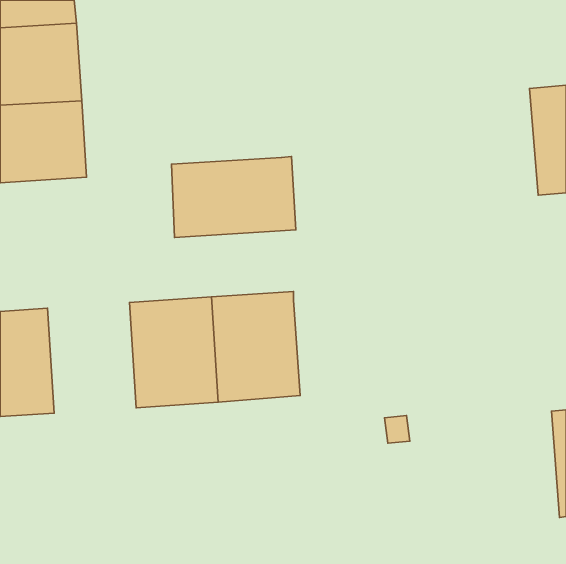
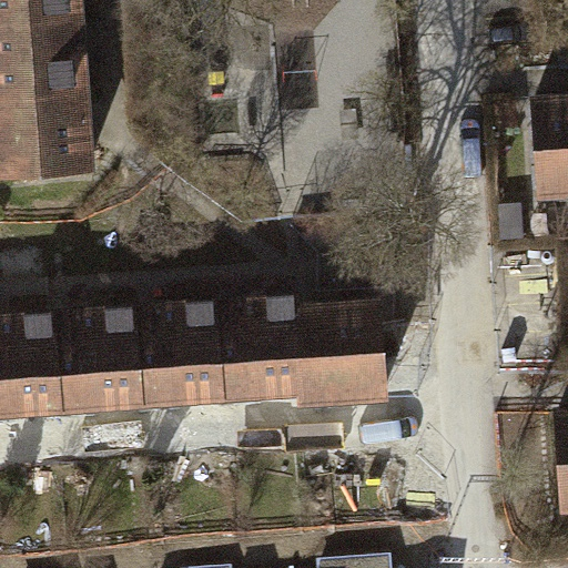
building: [171,156,296,238] -> none
building: none -> [294,297,384,408]
building: none -> [48,305,136,416]

